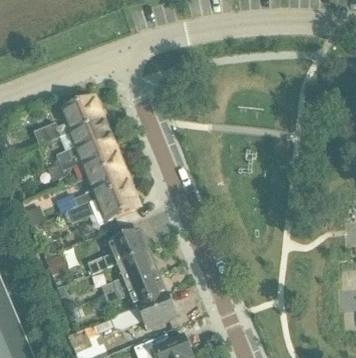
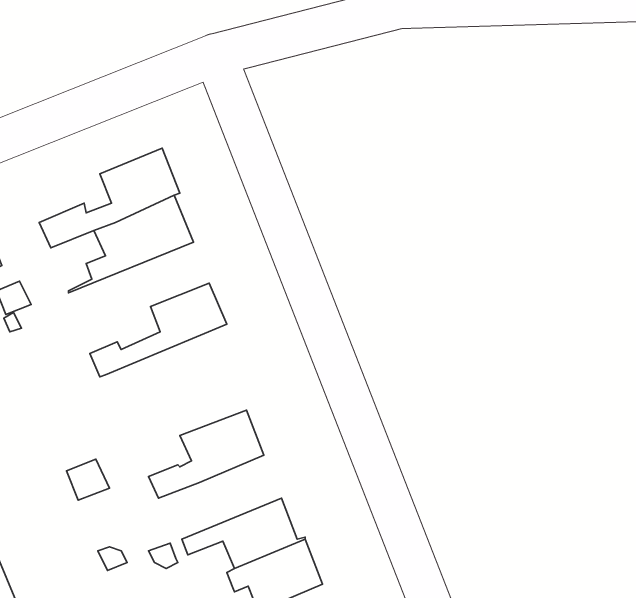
building: [47,141,119,178] -> none
building: [66,183,137,221] -> none
building: [102,250,156,293] -> none

